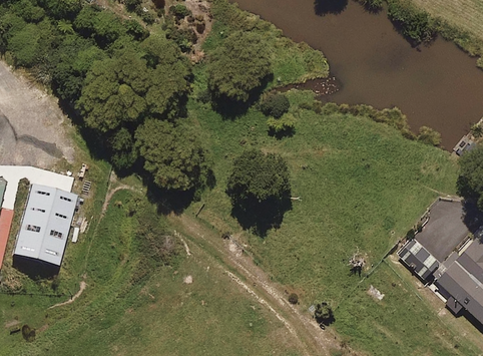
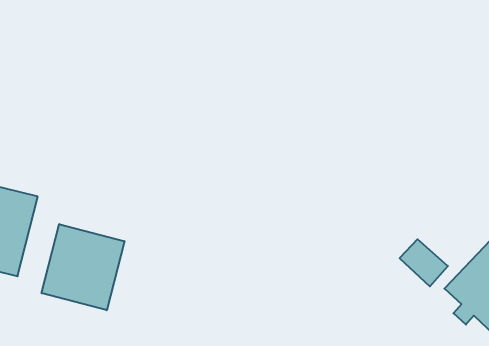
building: none -> [42,224,124,310]

